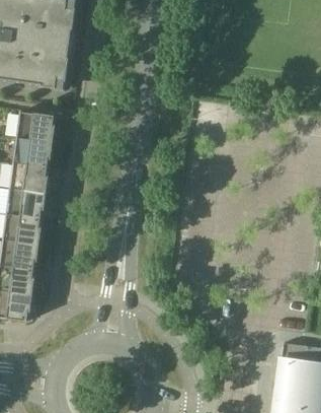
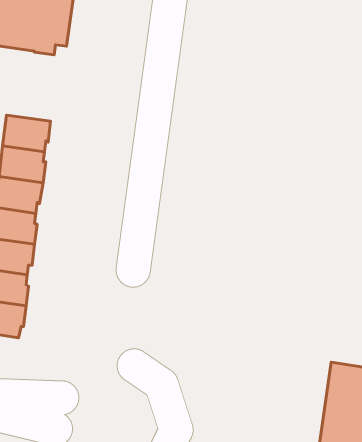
building: [15,112,55,143] -> none

